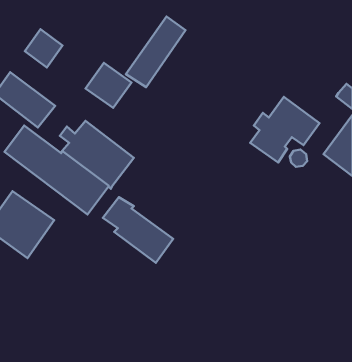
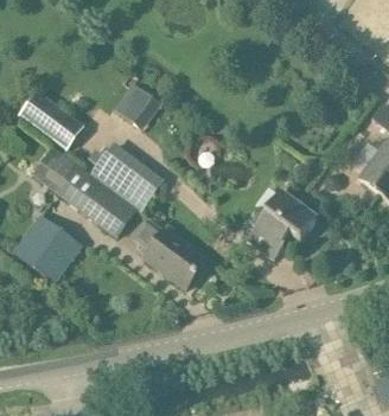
building: [126,17,186,87] -> none
building: [25,29,63,67] -> none
building: [250,97,320,163] -> [245,191,317,258]

